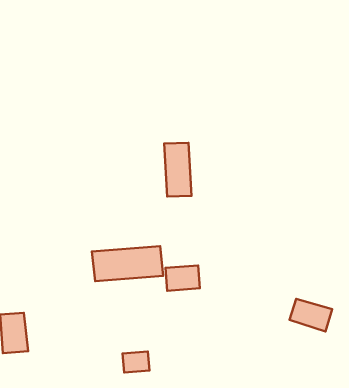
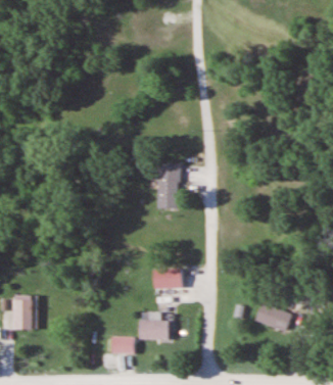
building: [92,246,163,281] -> none
building: none -> [139,312,168,339]

